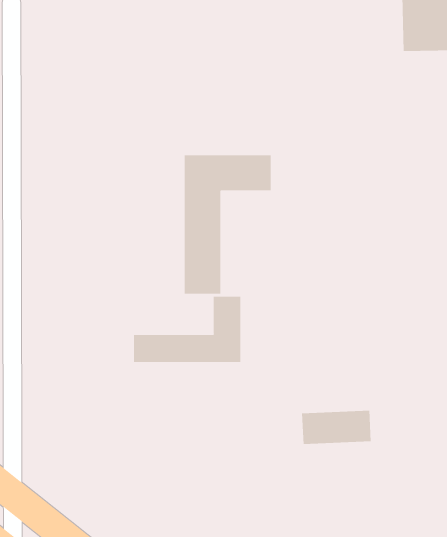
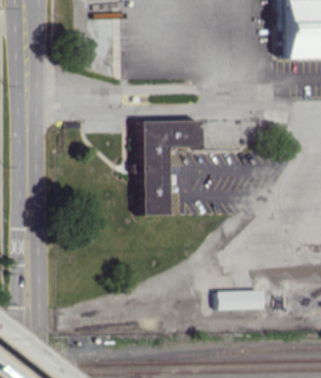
building: [133,296,241,363] -> none

